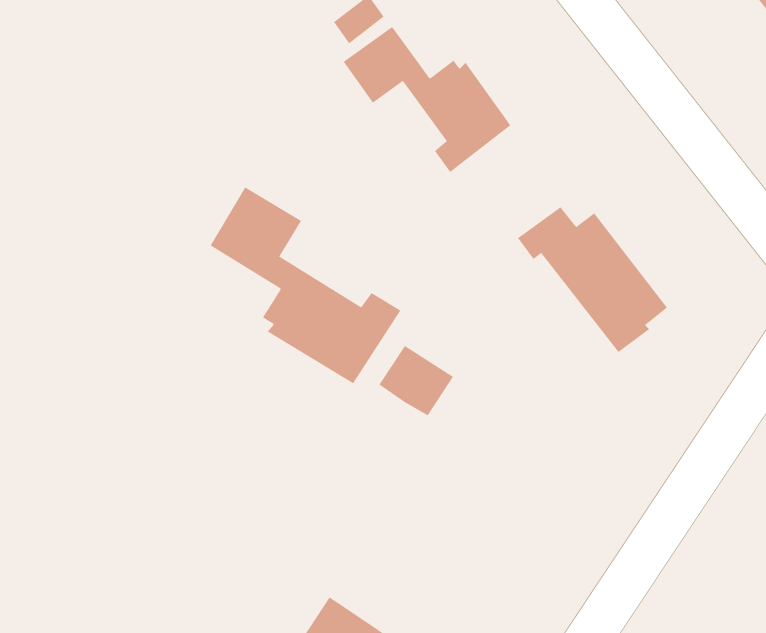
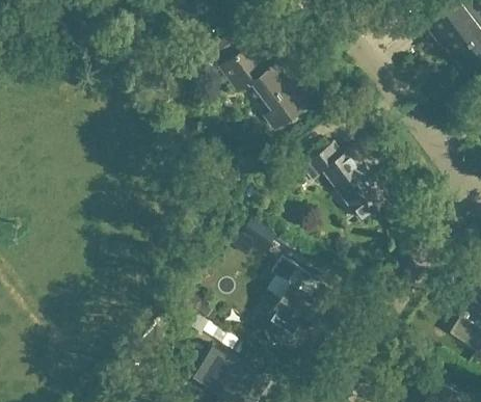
building: [210,186,401,384] -> none
building: none -> [268,260,320,350]

